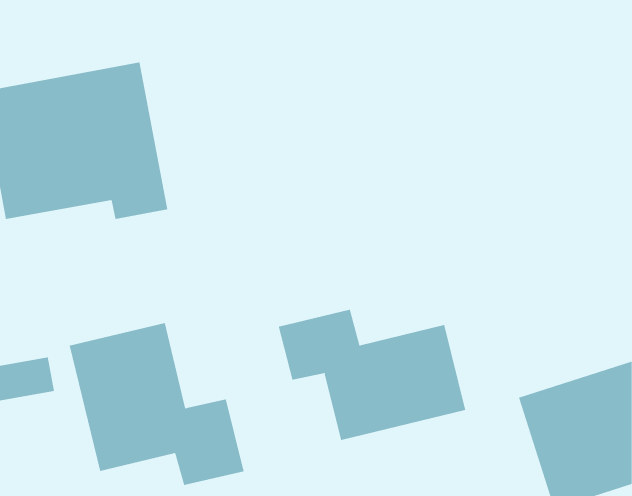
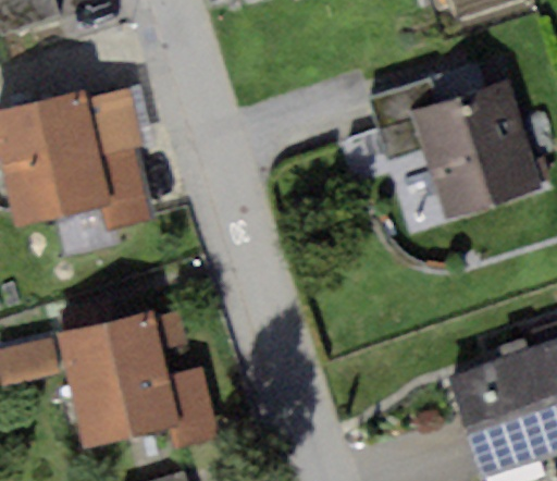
building: none -> [371,75,543,215]
building: [278,309,466,441] -> none

